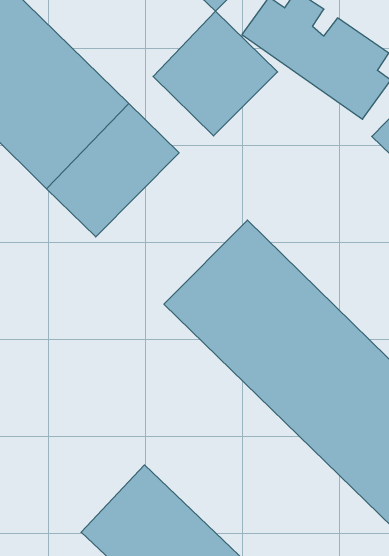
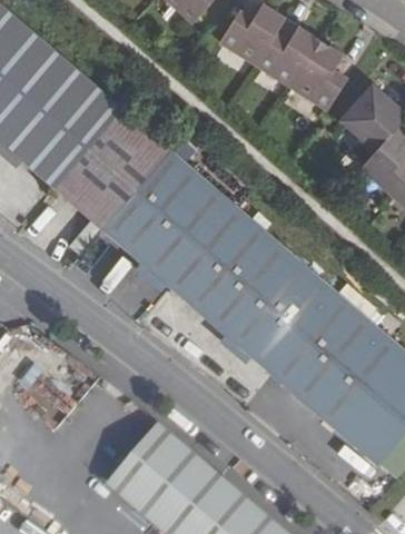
building: [153,11,278,136] -> none
building: none -> [101,149,233,281]

